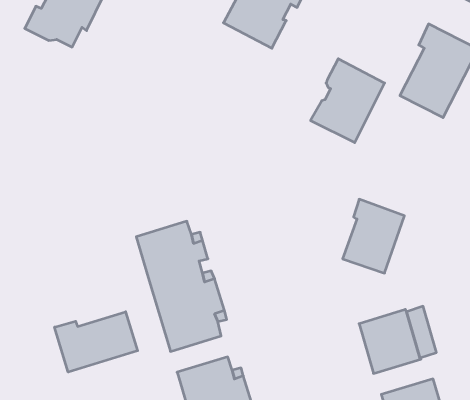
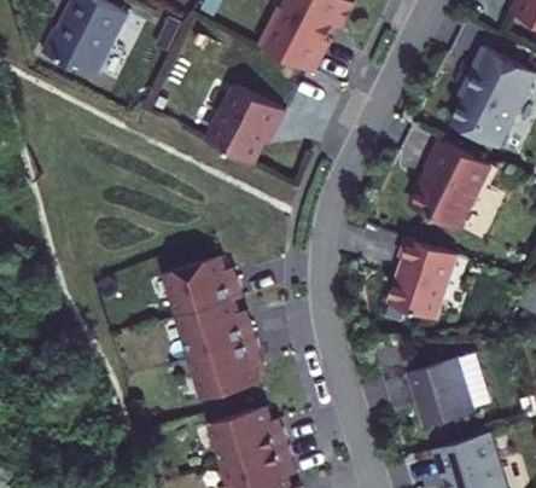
building: [311,59,385,143] -> [409,138,490,230]
building: none -> [204,83,282,163]
building: [55,312,138,372] -> none

